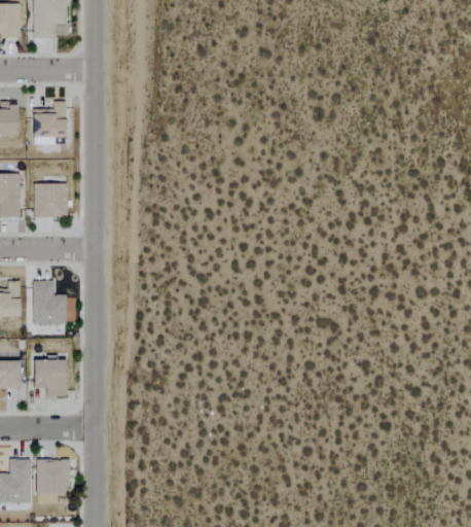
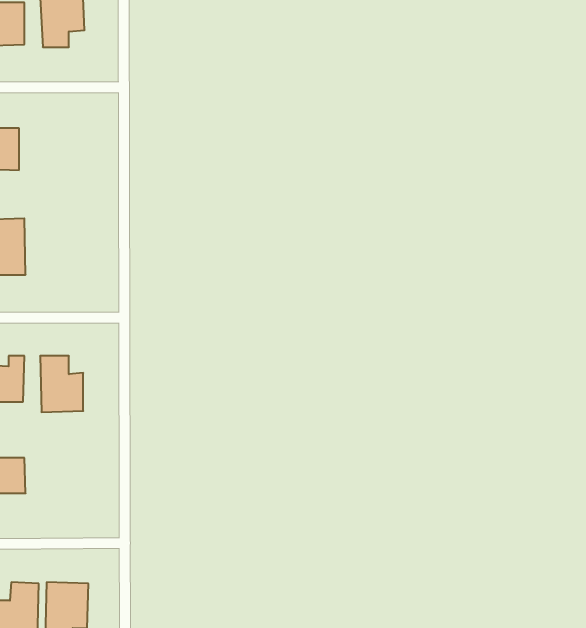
building: [32,102,67,138] -> none
building: [34,183,68,217] -> none
building: [32,359,66,397] -> none

